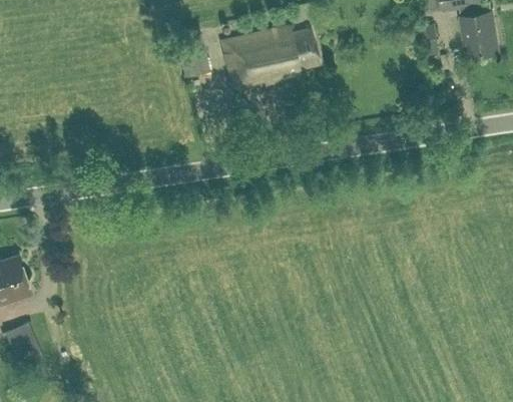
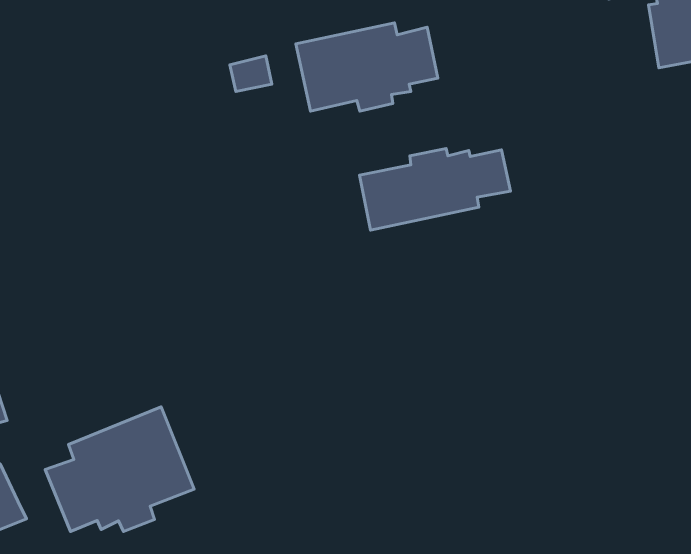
building: none -> [360,149,511,230]
building: none -> [45,407,194,532]

